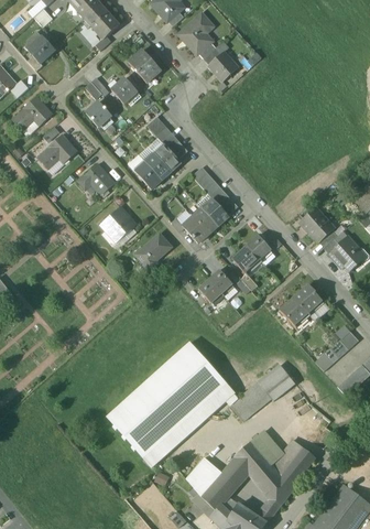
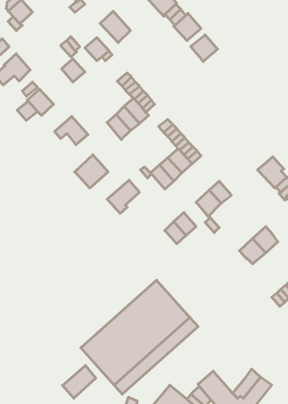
building: none -> [191,35,218,62]
building: [230,364,295,421] -> none
building: [251,429,284,465] -> none
building: none -> [62,365,96,398]

